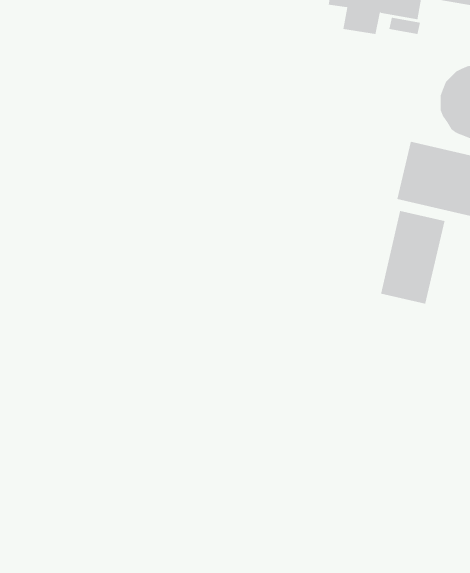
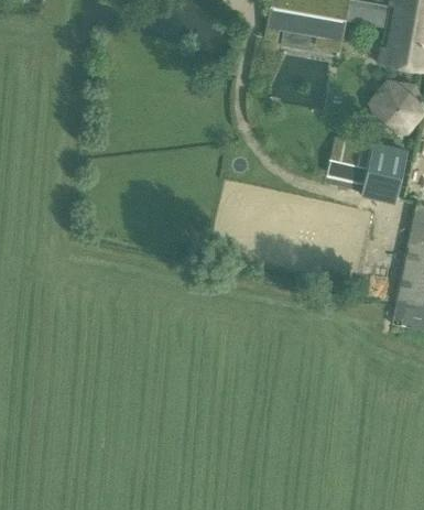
building: [381,210,445,305] -> none

